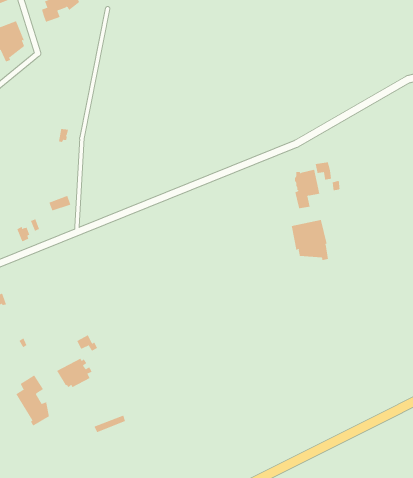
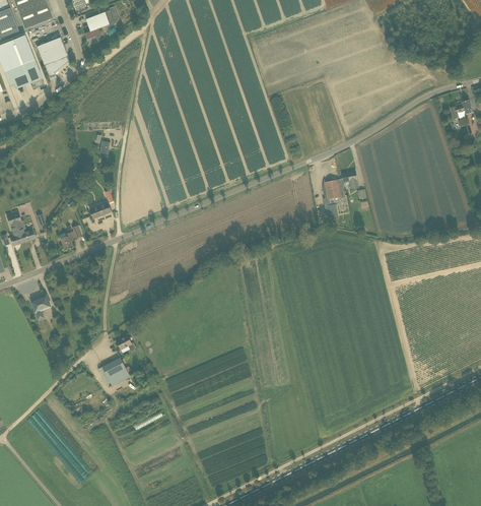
building: [291,219,329,261] -> none
building: [16,374,50,426] -> none

